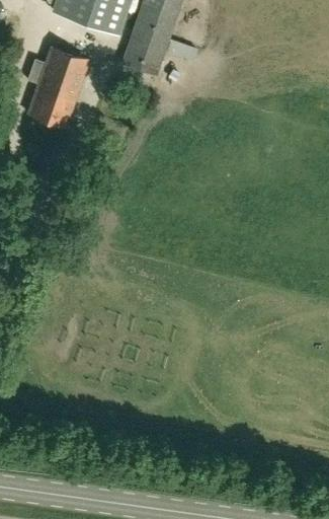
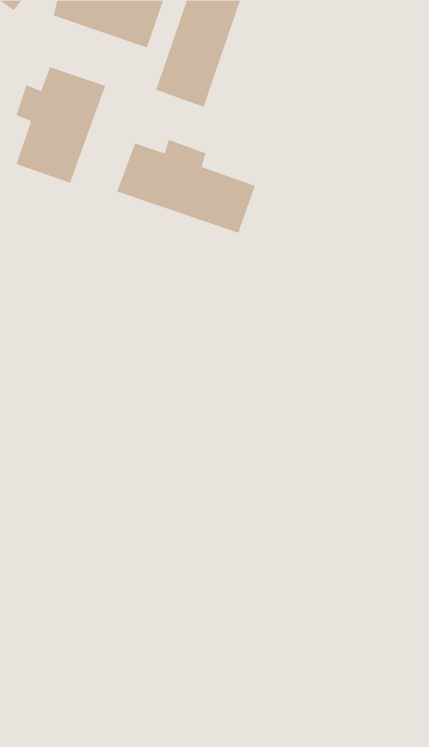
building: none -> [116,139,256,234]

